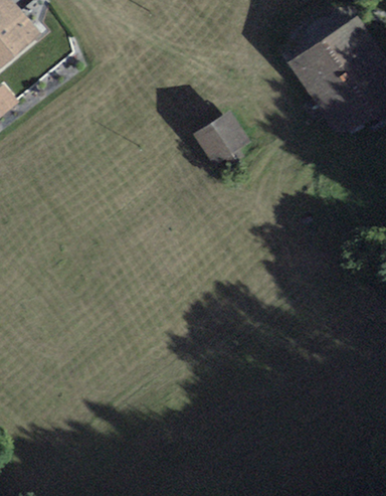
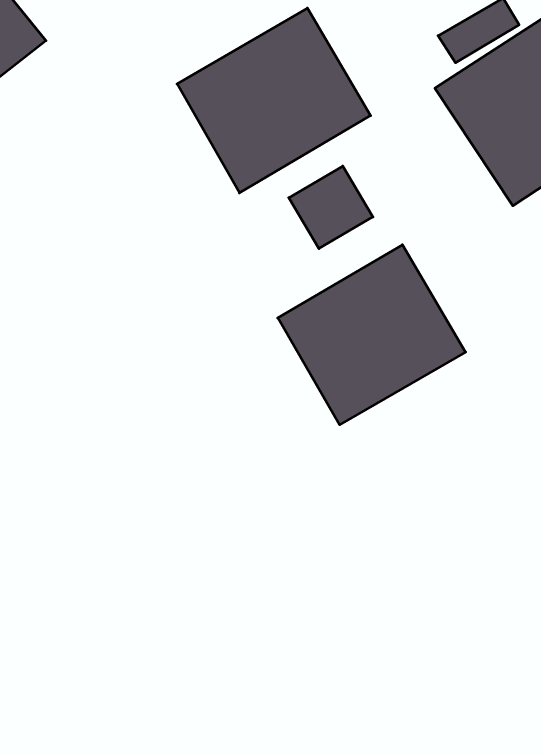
building: none -> [177,8,371,193]
building: none -> [278,245,466,425]

